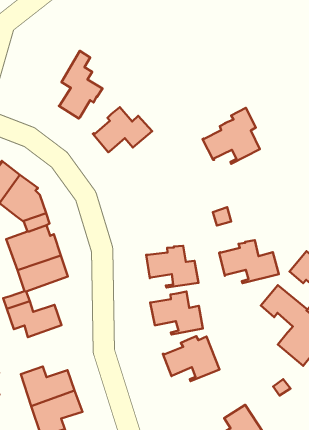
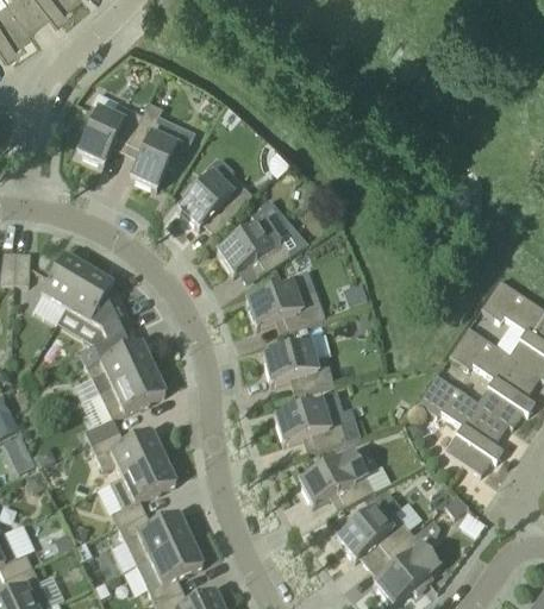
building: none -> [77,102,143,163]
building: [203,108,260,164] -> [218,202,293,276]
building: [219,240,279,283] -> [246,277,326,334]
building: none -> [111,456,176,525]
building: none -> [337,501,412,559]

